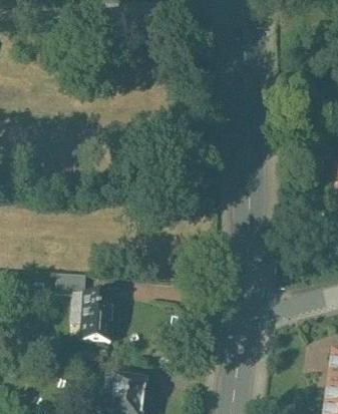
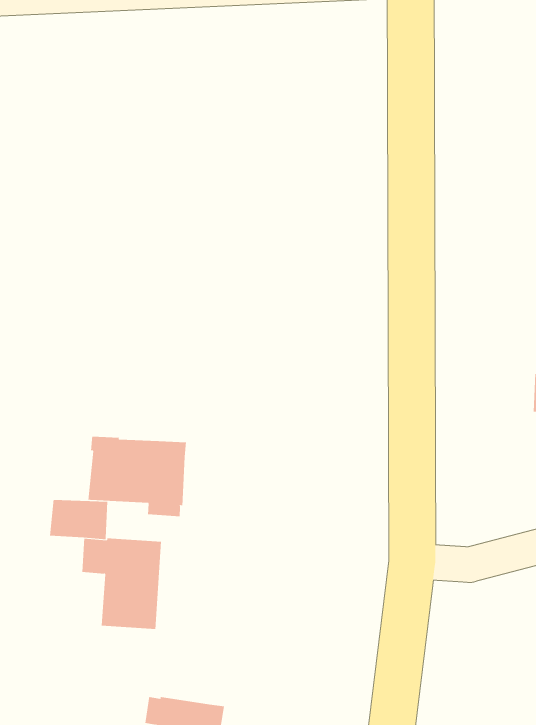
building: none -> [88,436,187,517]

